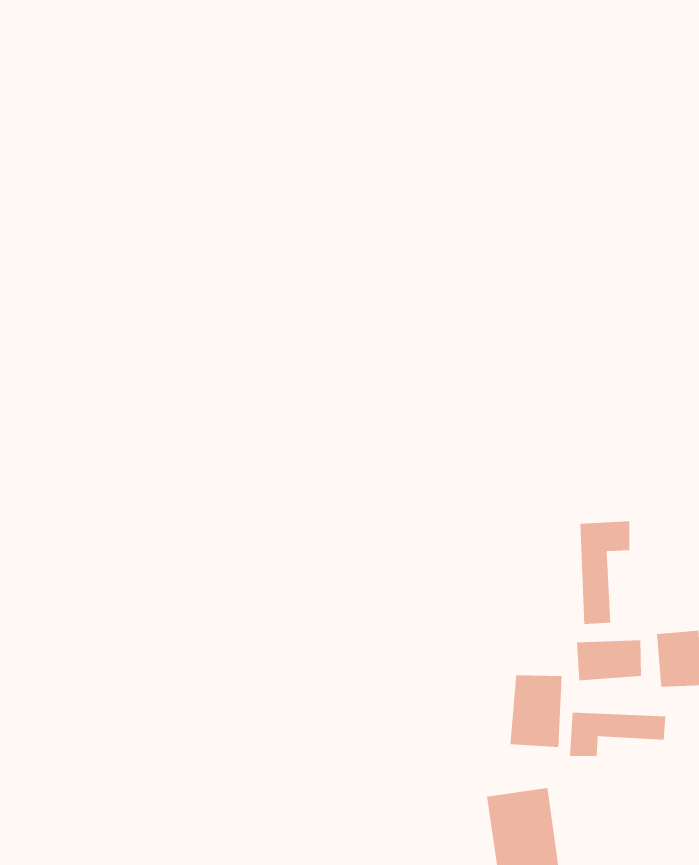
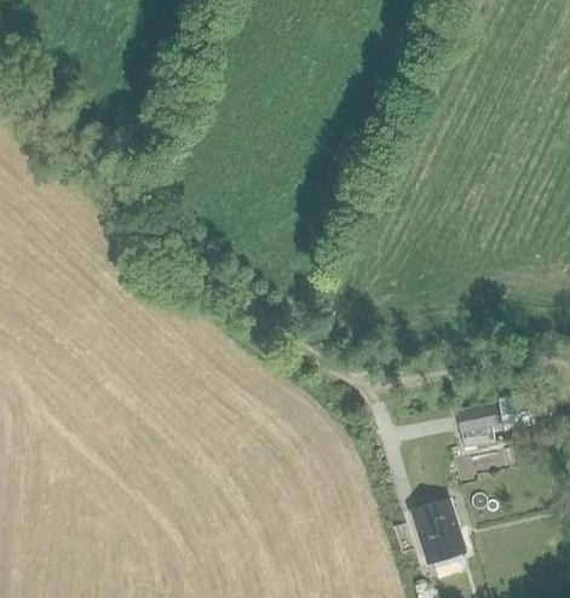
building: [580,520,630,625] -> none
building: [510,674,562,748] -> none

